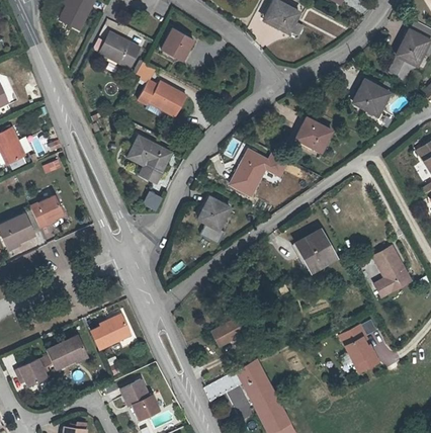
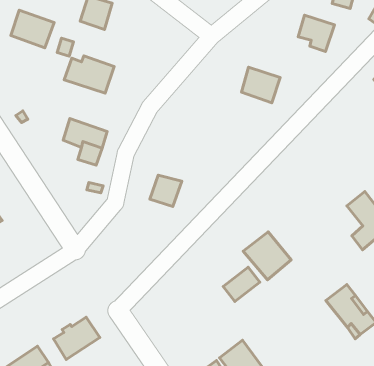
building: [229,151,268,196] -> none
building: [293,227,335,269] -> [243,232,291,280]
building: [210,317,244,345] -> [223,267,260,301]

